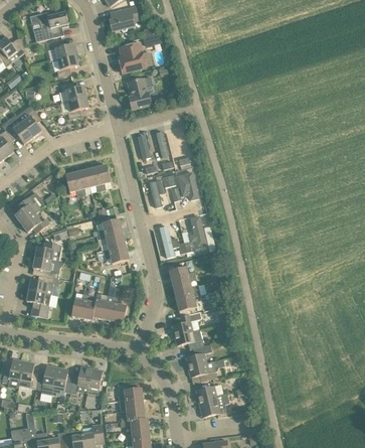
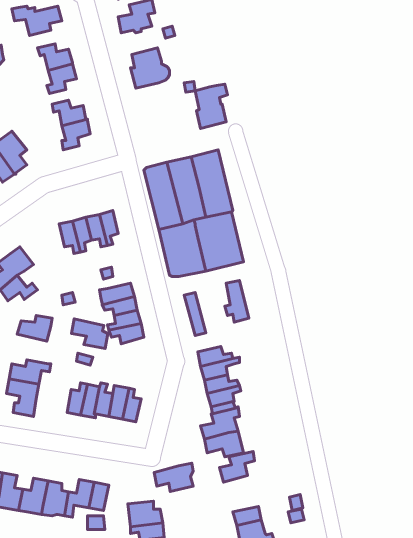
building: [128,77,152,110] -> [195,84,227,128]
building: [32,257,59,279] -> [72,319,108,348]
building: [188,360,217,382] -> [154,463,193,491]

